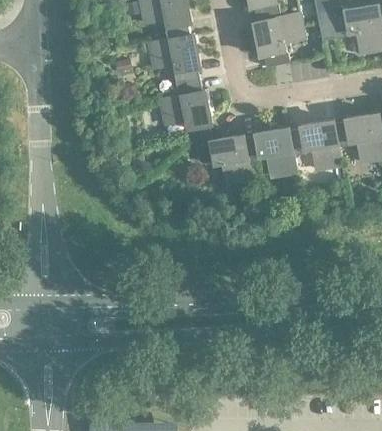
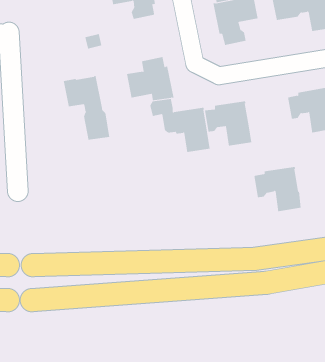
building: [149,33,201,84] -> none
building: none -> [63,75,110,141]
building: [289,120,341,169] -> [253,166,302,212]

